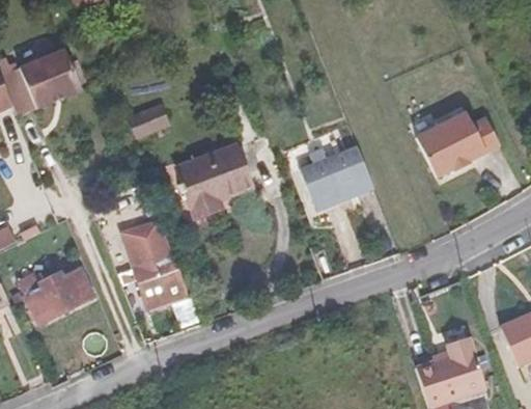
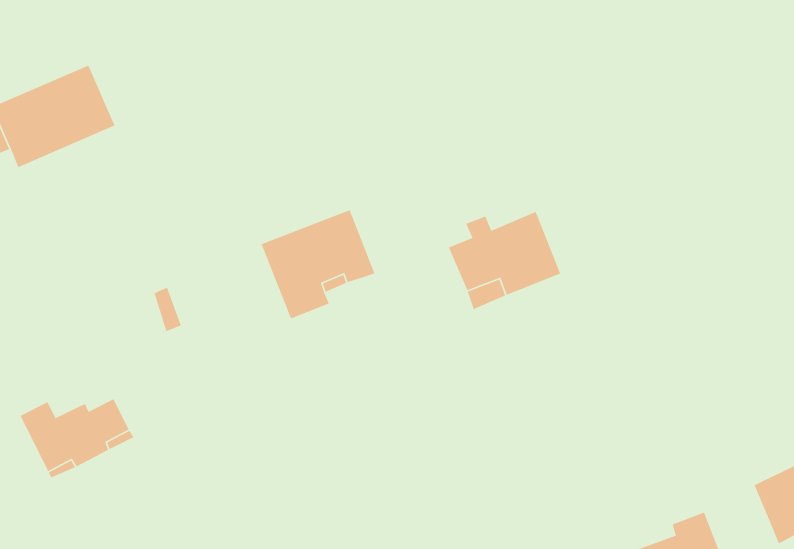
building: [127,102,170,138] -> none
building: [417,114,501,179] -> none
building: [120,219,181,298] -> none

